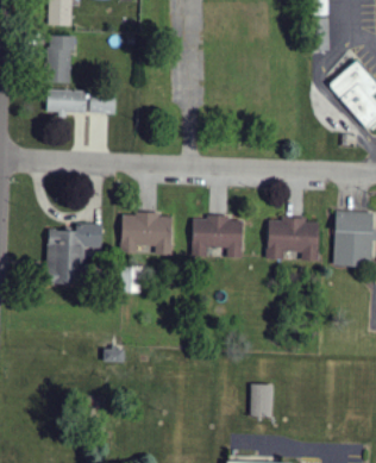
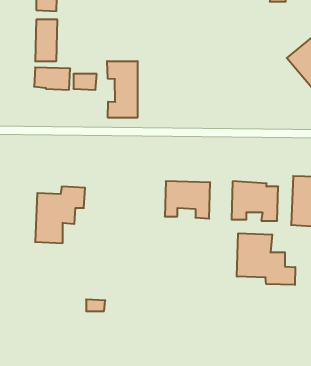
building: none -> [107,61,138,118]
building: [120,213,173,255] -> none
building: none -> [237,233,295,285]
building: [250,384,272,415] -> none

